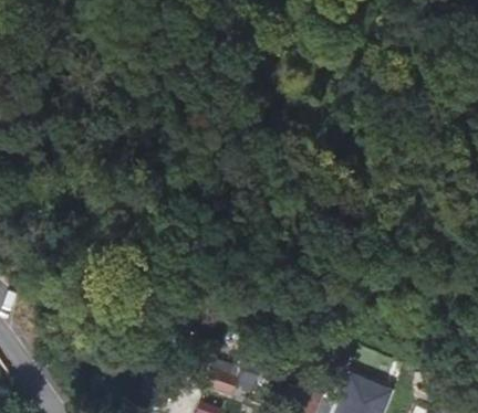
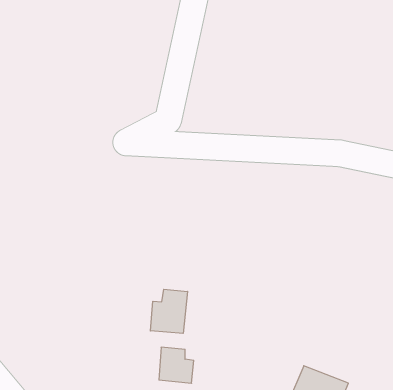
building: none -> [150,289,188,333]

